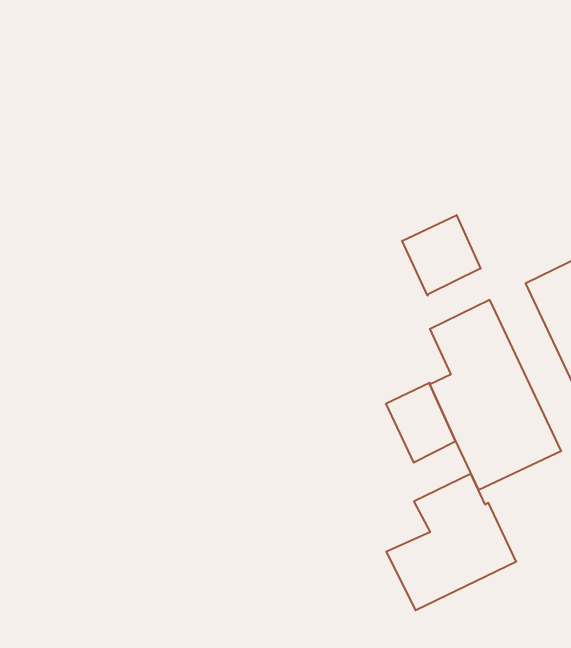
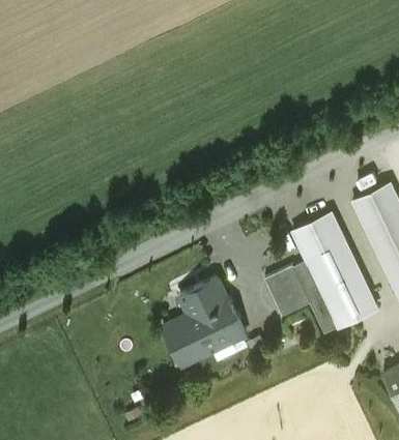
building: [402,215,481,296] -> none
building: [386,474,516,610] -> [163,278,246,365]

